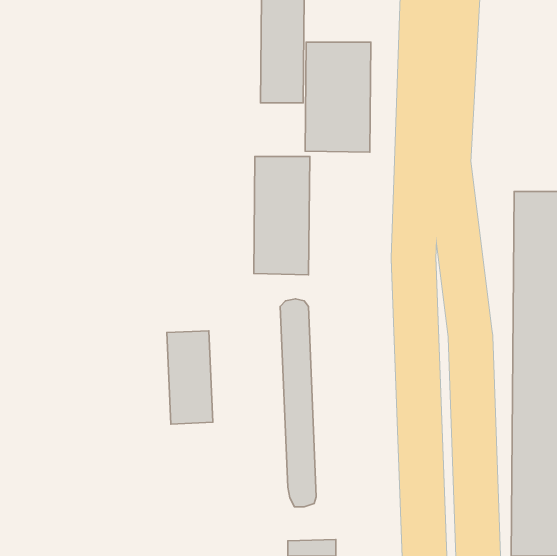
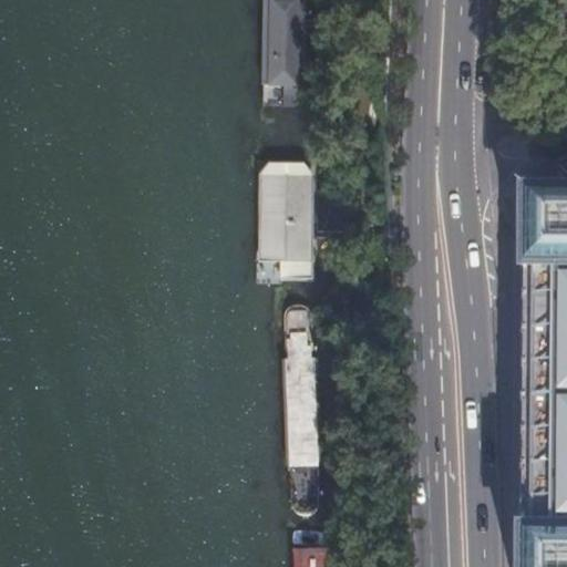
building: [305,42,371,152] -> none
building: [167,331,213,424] -> none

